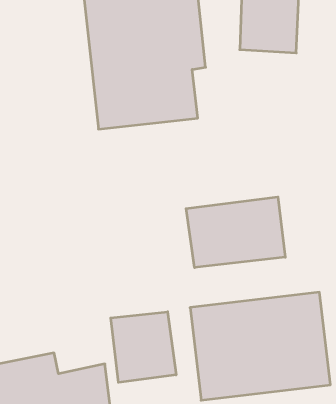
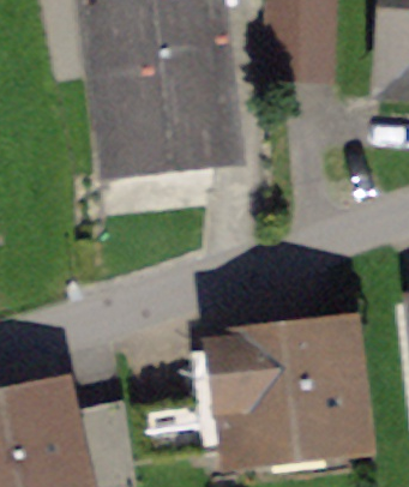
building: [186,197,285,268] -> none
building: [111,312,176,382] -> none

